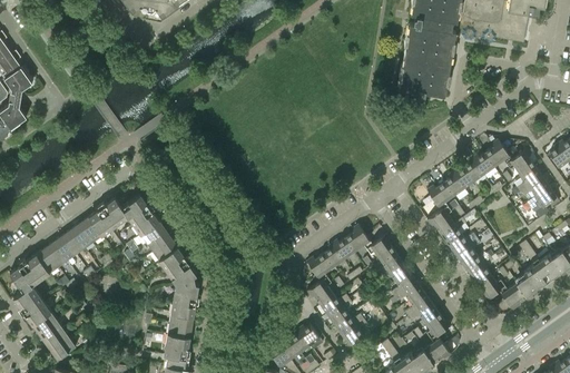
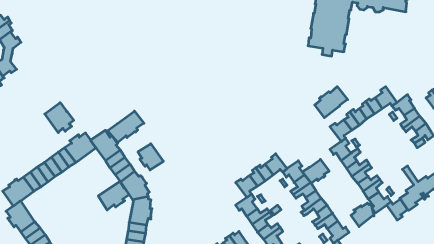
building: none -> [315,87,348,118]
building: none -> [45,103,74,133]
building: none -> [108,111,144,142]
building: none -> [138,144,163,170]
building: none -> [303,159,329,183]
building: none -> [98,182,129,210]
building: none -> [351,203,374,227]

